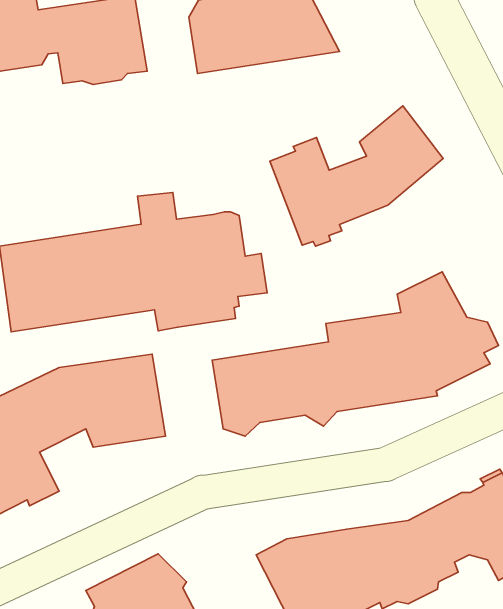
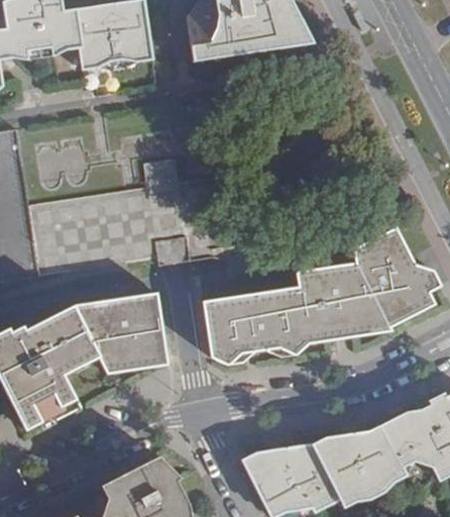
building: [270,106,443,246] -> none

